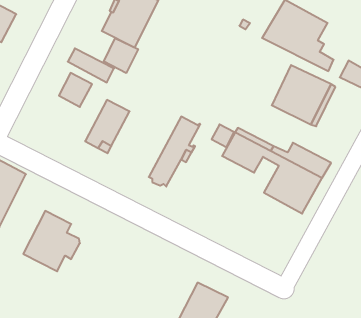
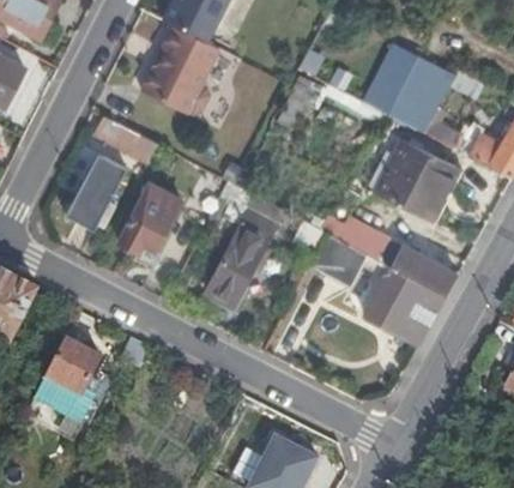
building: [104,38,138,73] -> none
building: none -> [65,180,115,229]

